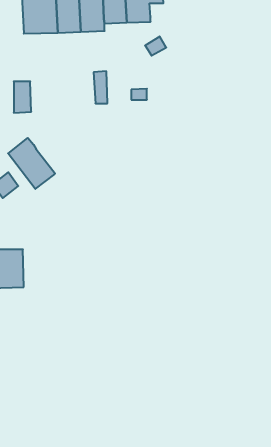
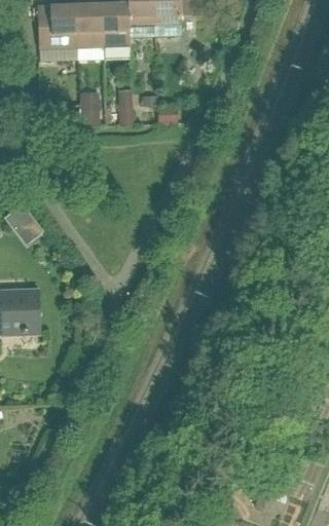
building: [14,81,31,113] -> [80,92,100,127]
building: [8,138,55,189] -> none

